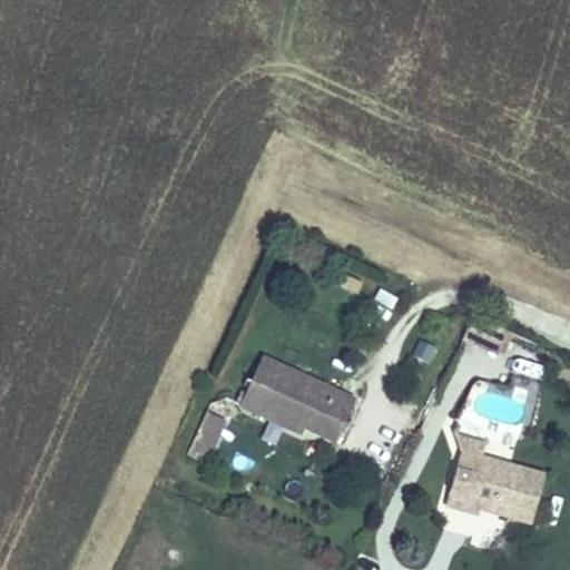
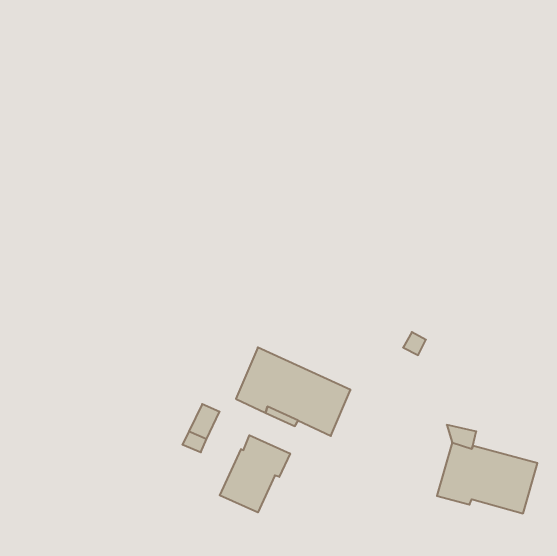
building: none -> [220,435,290,512]

